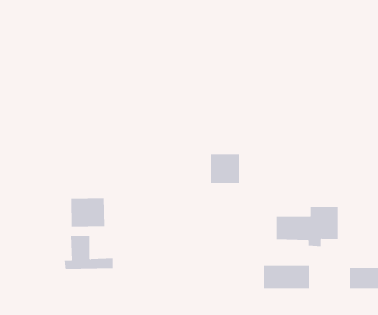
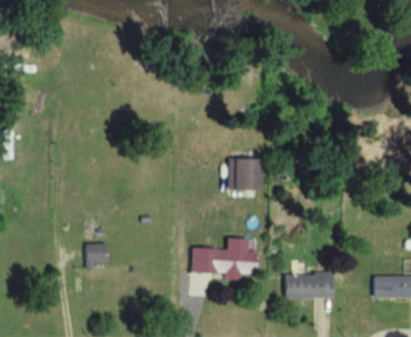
building: [71,198,105,228] -> none
building: [276,207,339,247] -> [192,239,257,280]

